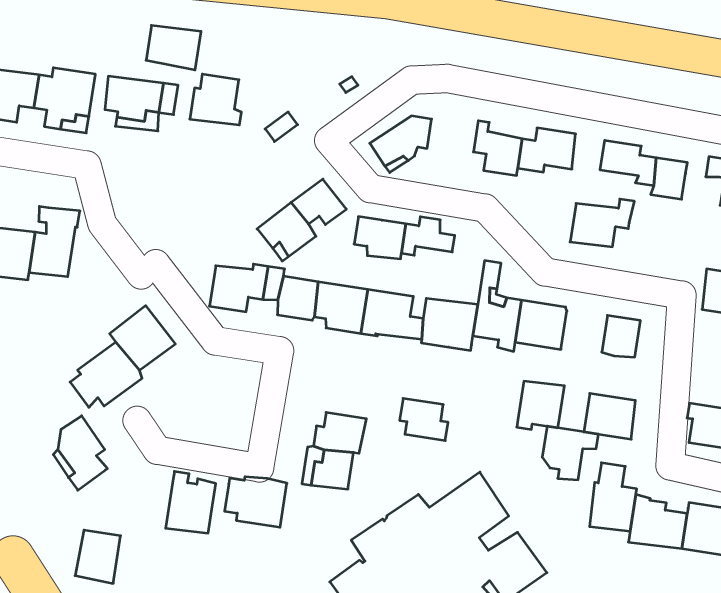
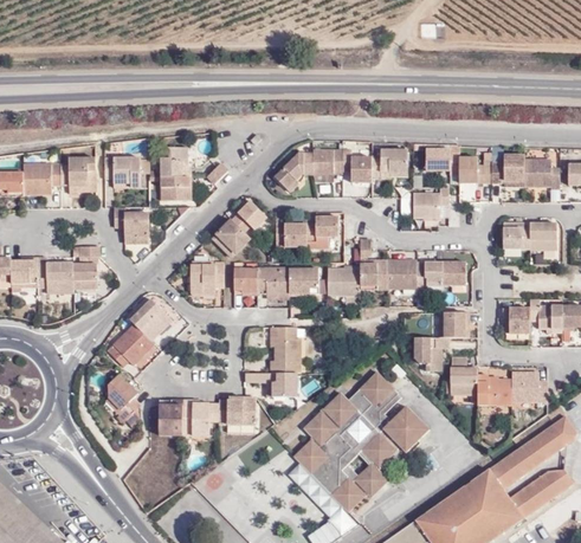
building: [146,25,201,70] -> [159,176,191,201]
building: none -> [311,150,341,174]
building: none -> [112,207,148,244]
building: [517,381,564,429] -> [415,260,441,291]
building: [400,398,448,441] -> [269,327,299,349]
building: [75,530,121,583] -> [159,406,183,437]

